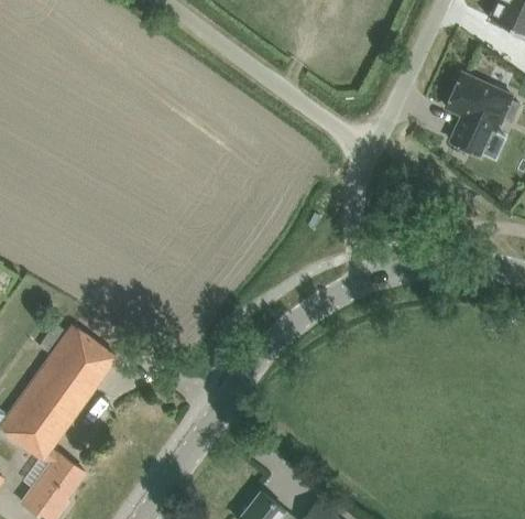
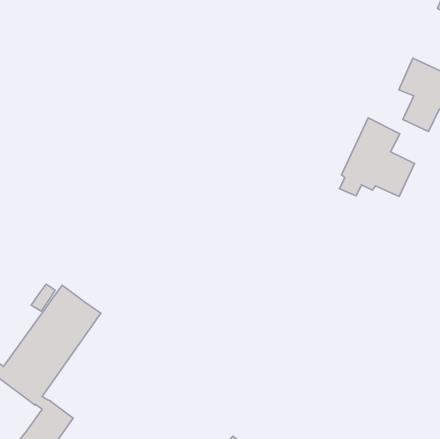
building: none -> [339,118,415,196]

